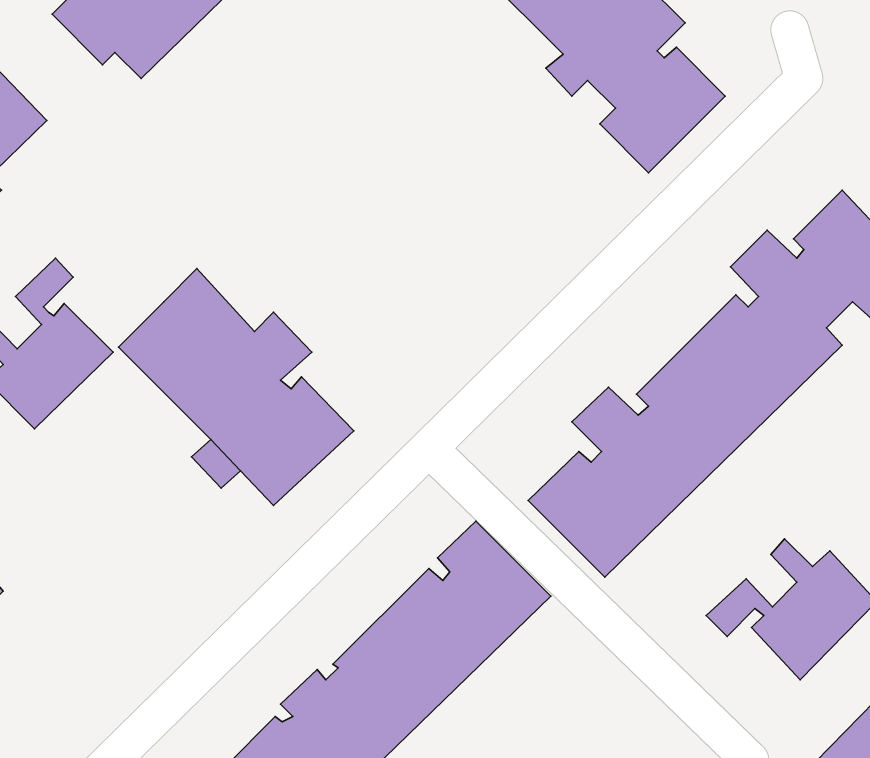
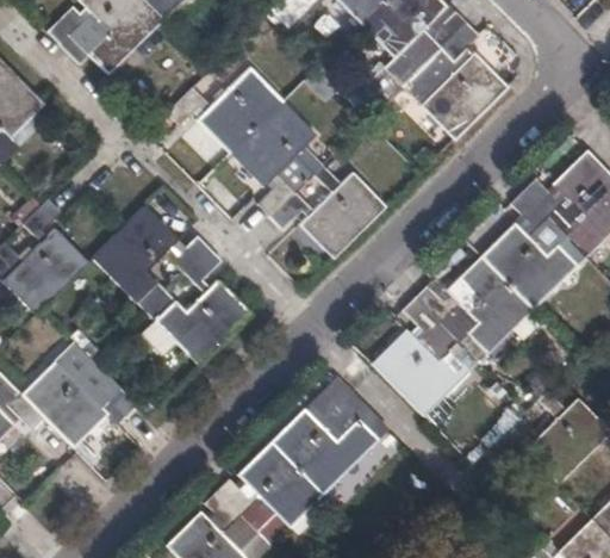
building: none -> [166,61,385,258]
building: none -> [20,353,139,447]

